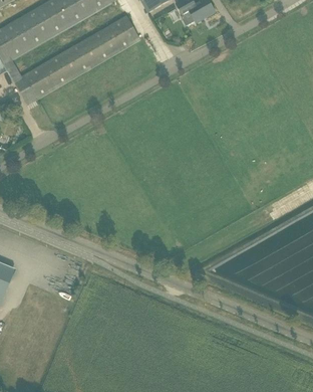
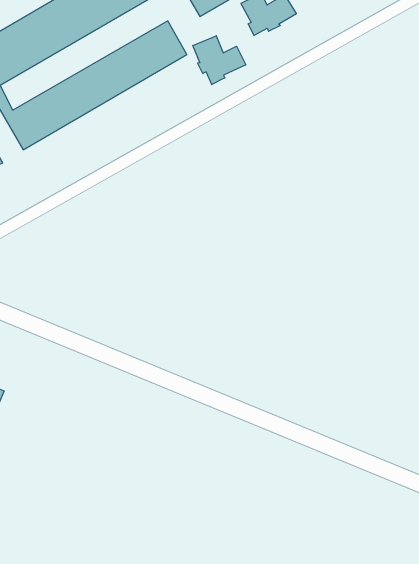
building: none -> [193,36,246,85]

